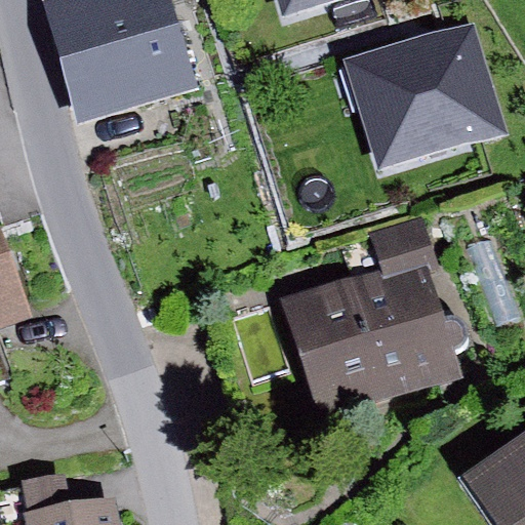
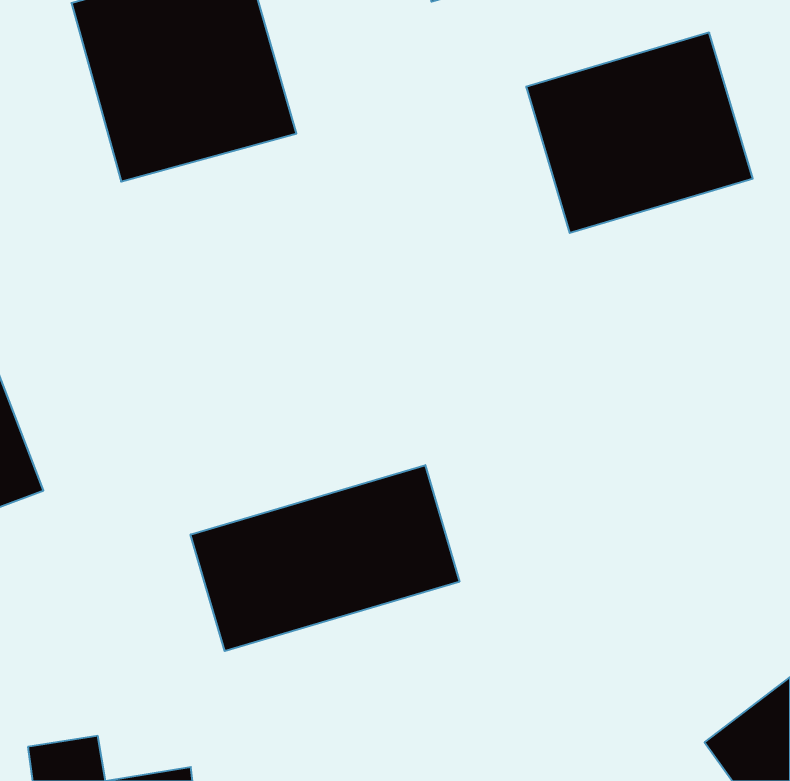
building: [289,221,456,418] -> none
building: none -> [191,465,459,651]

